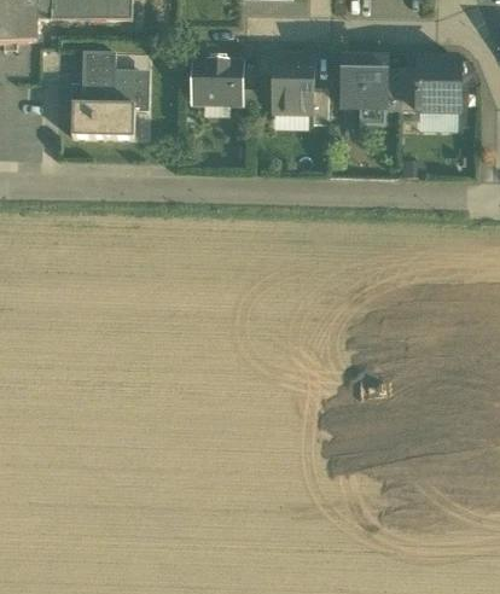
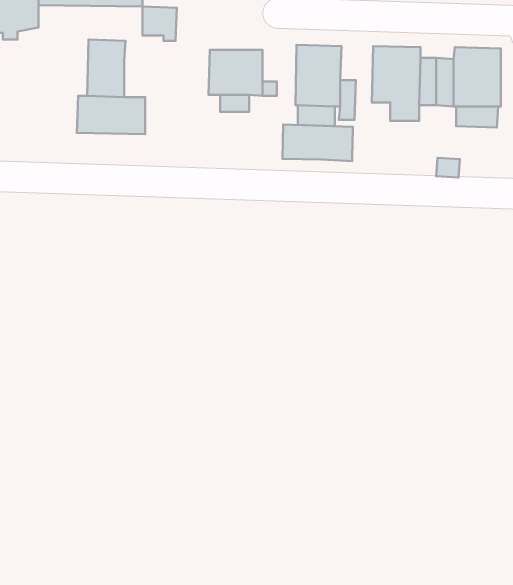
building: [115,75,146,106] -> [143,7,177,41]
building: none -> [282,124,353,161]

